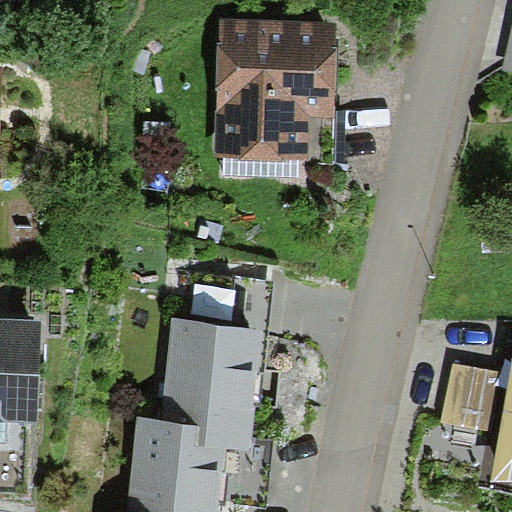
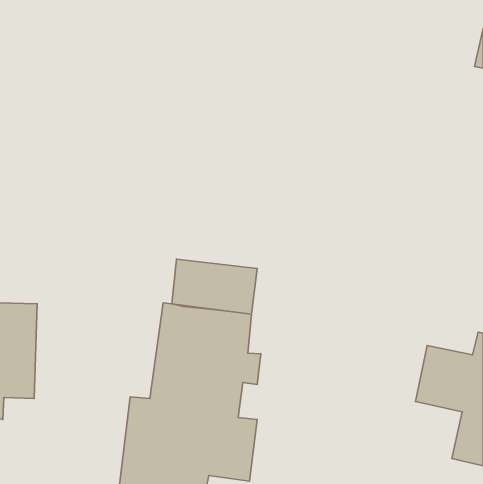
building: [216,20,333,160] -> none

